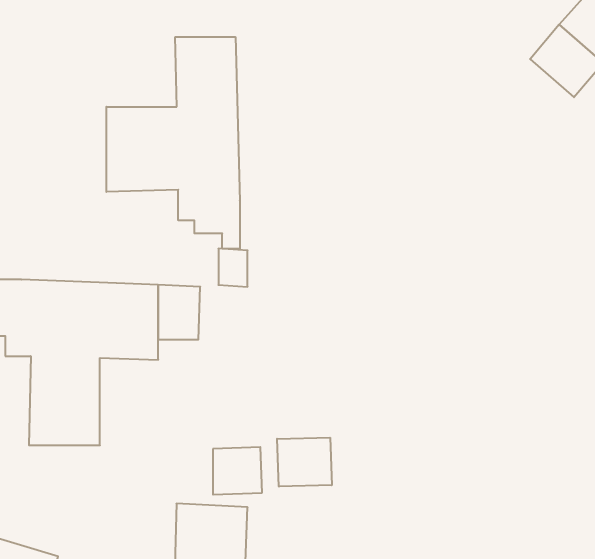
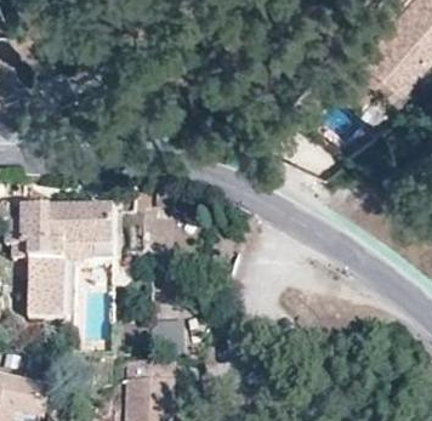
building: [106,37,240,249] -> none
building: [277,438,332,487] -> none

